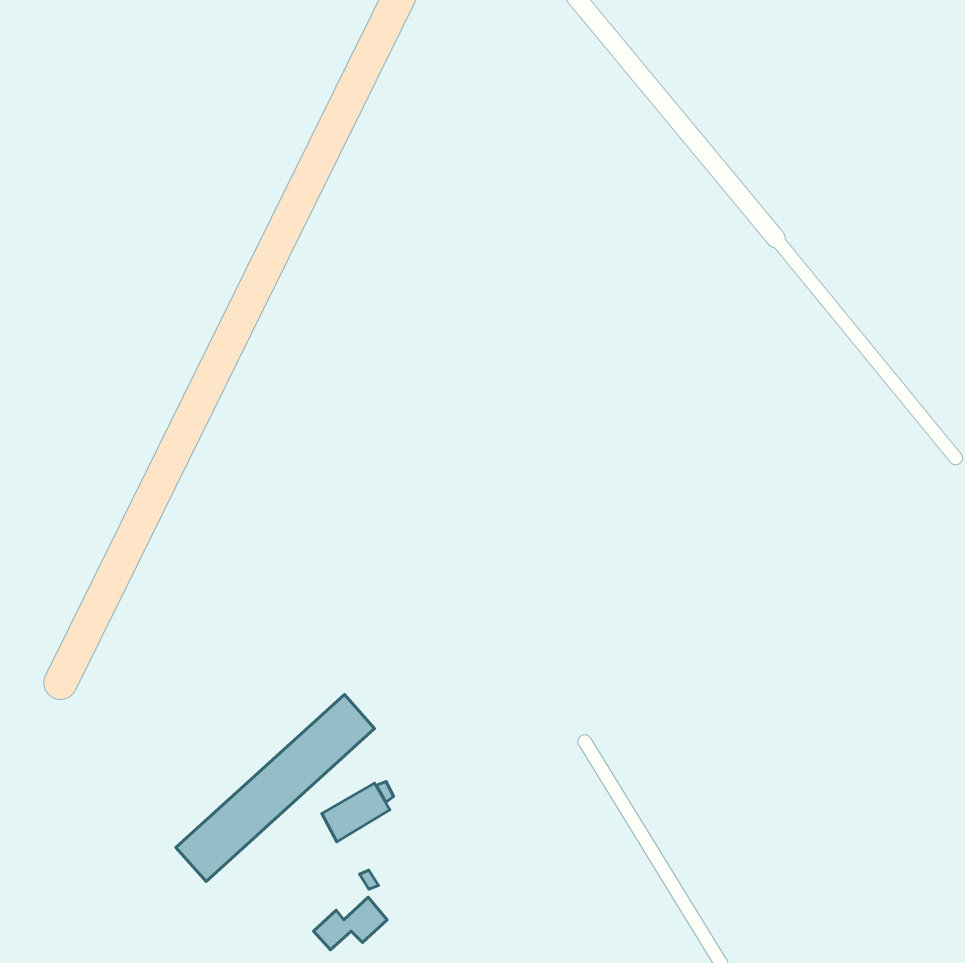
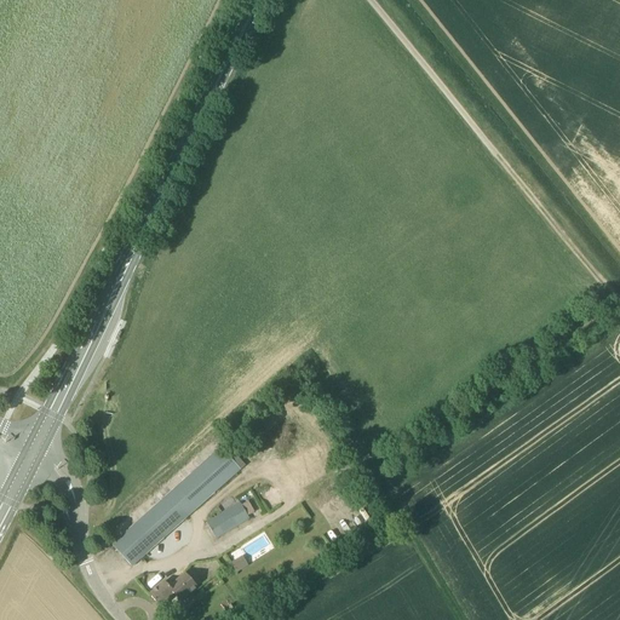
building: [313,897,387,950] -> [151,572,199,605]

